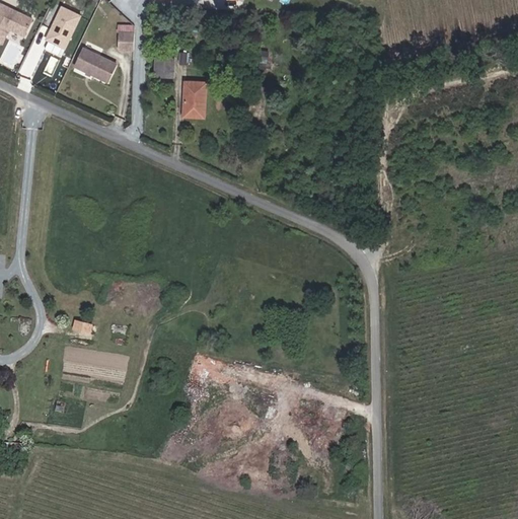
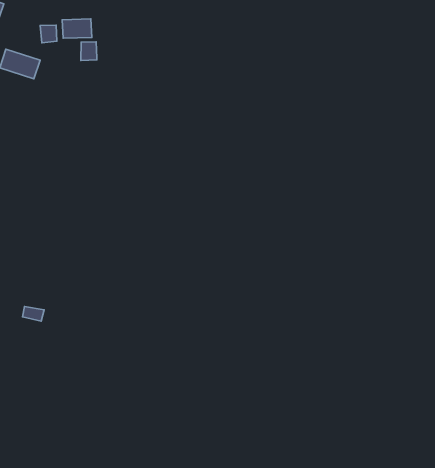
building: none -> [62,19,92,38]
building: [181,79,203,109] -> none

